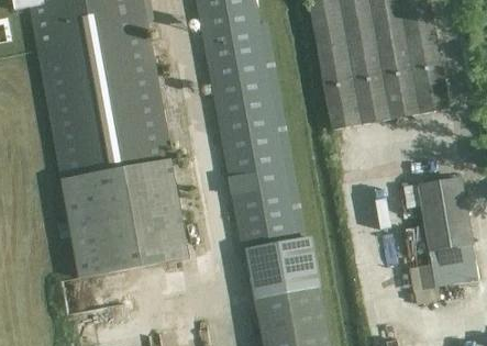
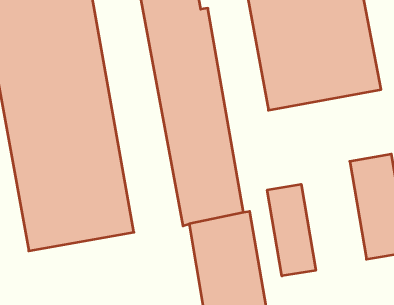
building: none -> [267,184,316,276]

